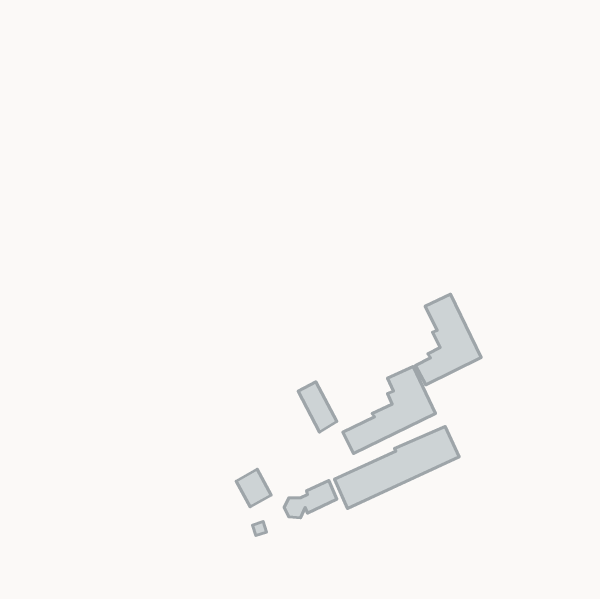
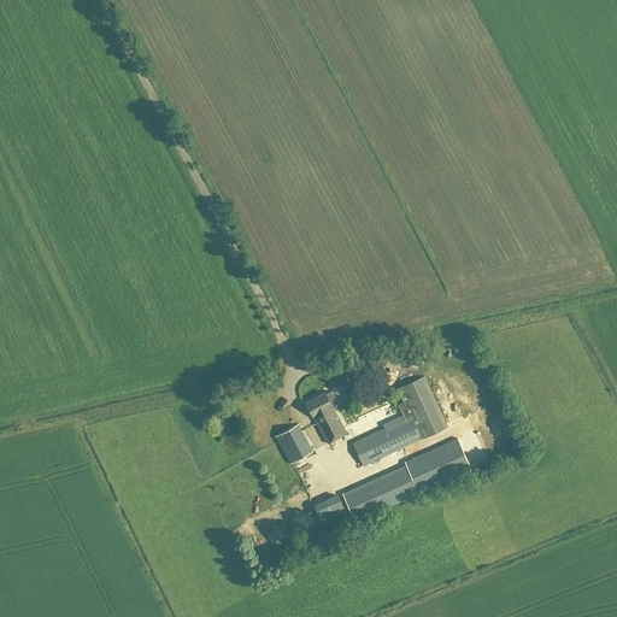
building: [415,294,481,385] -> none
building: [236,469,271,507] -> [276,424,312,463]

